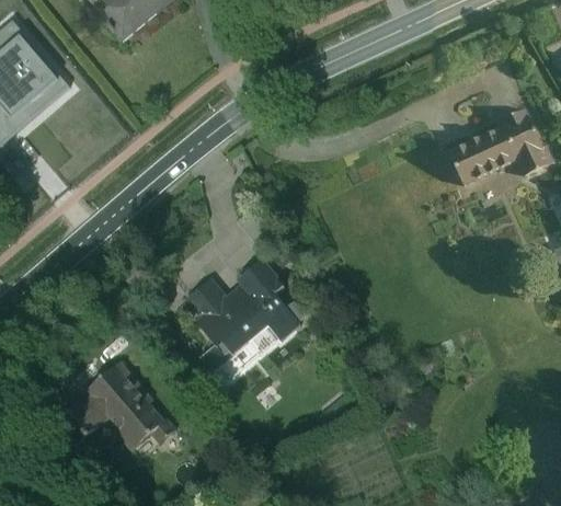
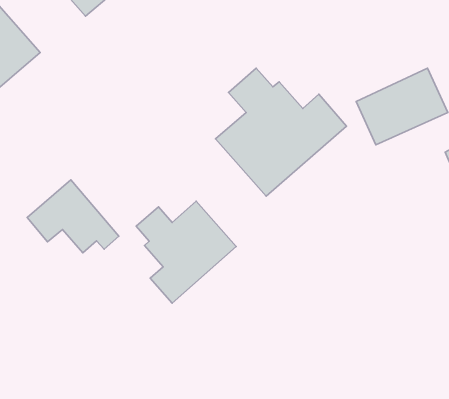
building: none -> [216,68,347,196]
building: [65,358,173,445] -> [27,180,119,253]

